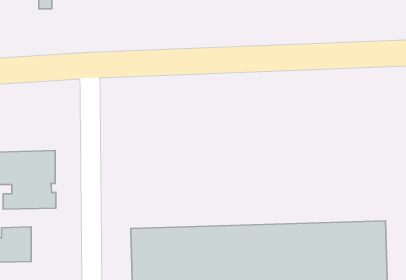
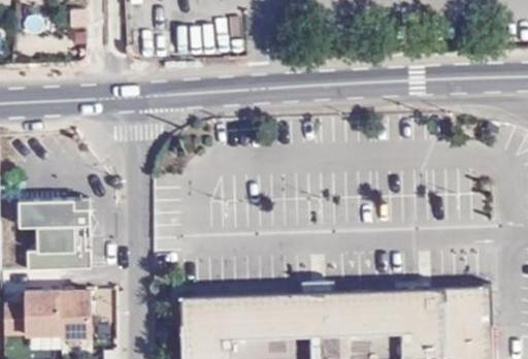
building: none -> [60,294,90,339]

